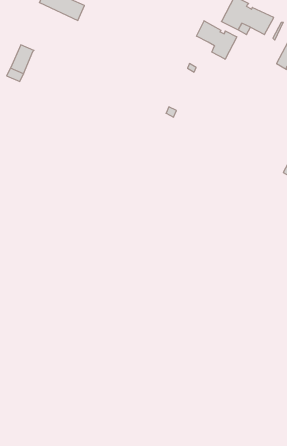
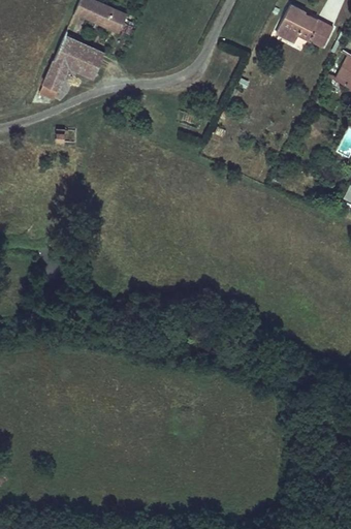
building: [197,21,237,59] -> none
building: none -> [55,35,103,76]

